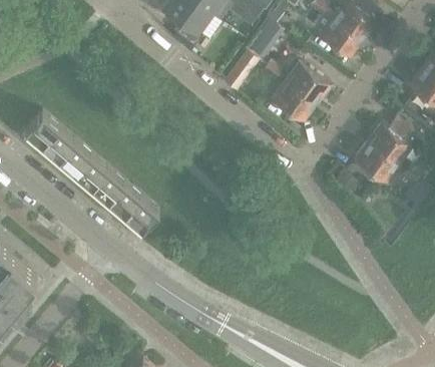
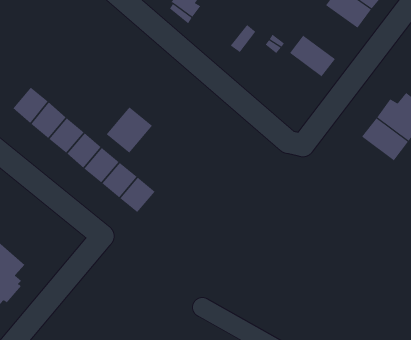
building: [269,81,314,123] -> none
building: none -> [106,106,153,154]

